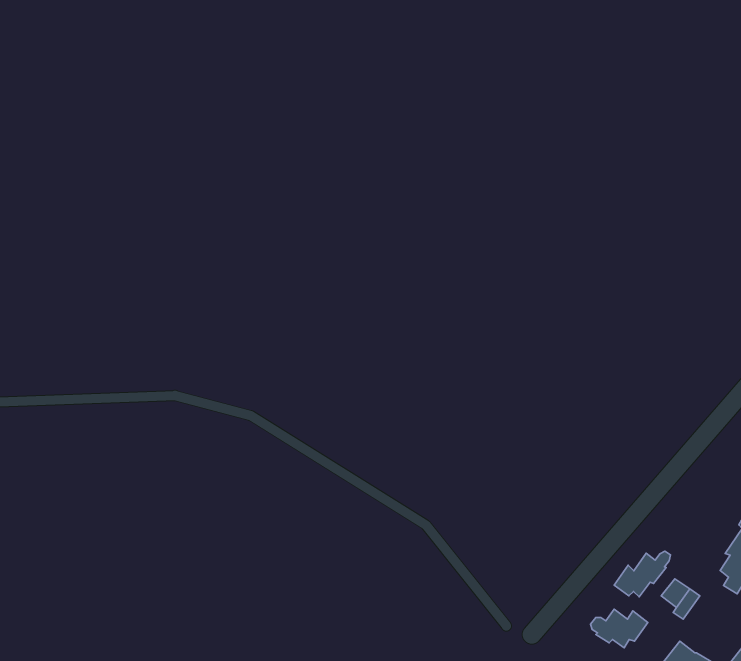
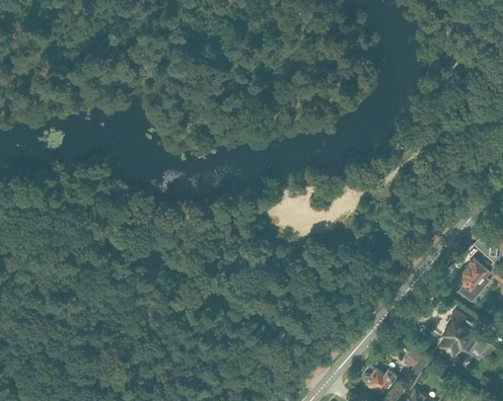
building: [614,551,670,597] -> none

